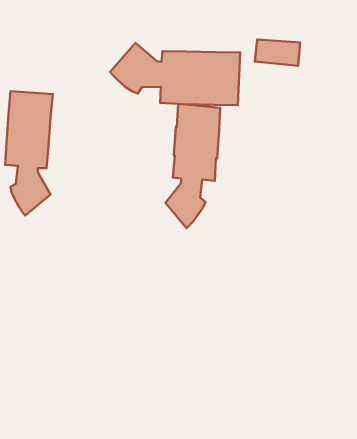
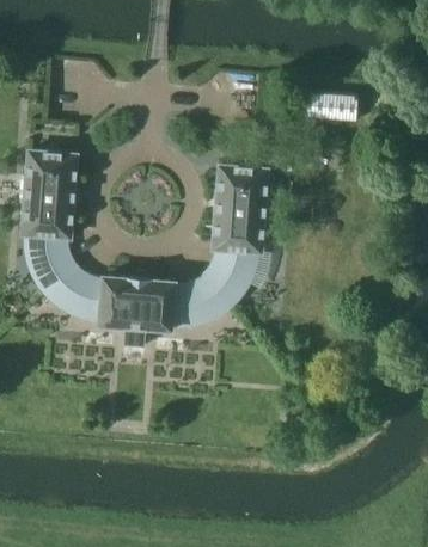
building: [110,43,240,105] -> none
building: none -> [44,268,227,330]

